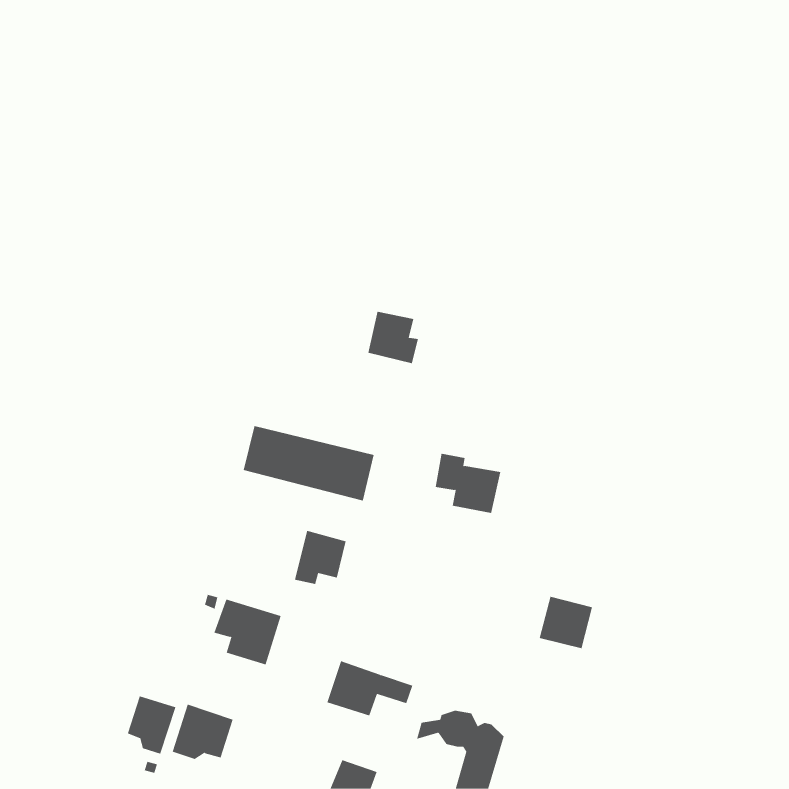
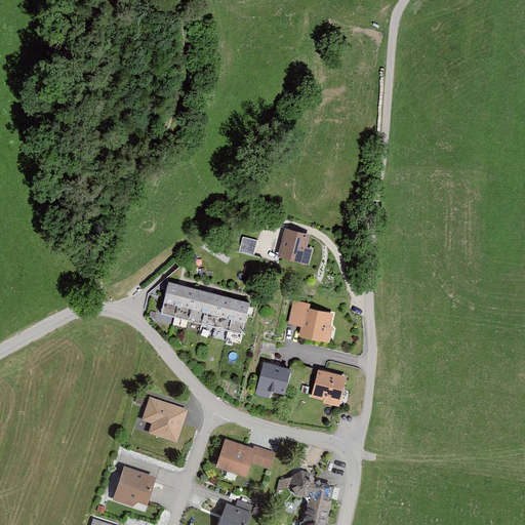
building: [368,311,419,364] -> [278,229,312,264]
building: [294,530,347,584] -> [254,361,289,397]
building: [539,596,593,649] -> [310,369,346,404]
building: [127,695,176,755] -> none

